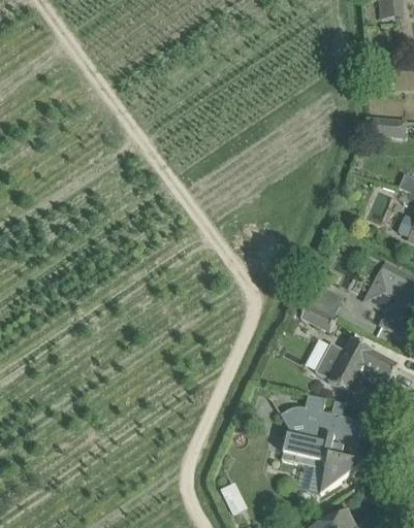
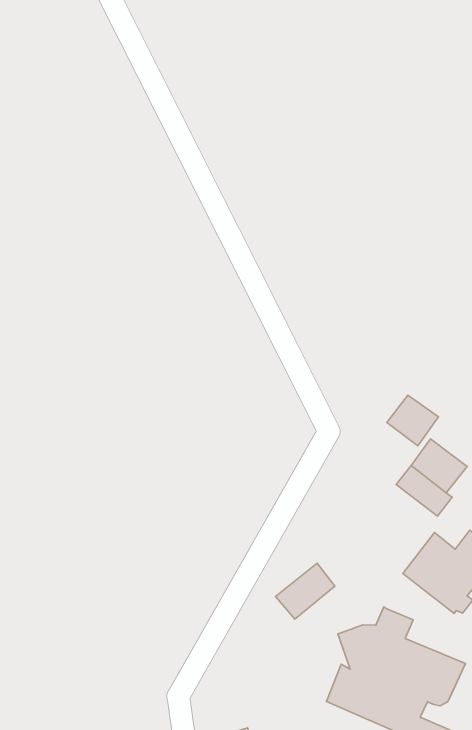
building: none -> [387,395,438,446]
building: none -> [275,563,335,619]

